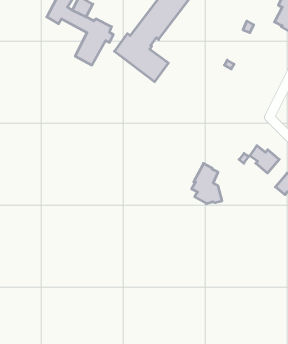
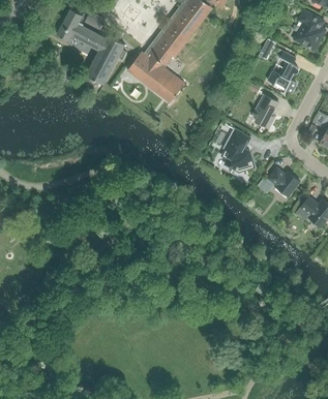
building: none -> [268,52,299,93]
building: none -> [256,96,279,128]
building: [192,163,222,204] -> [222,129,255,172]

